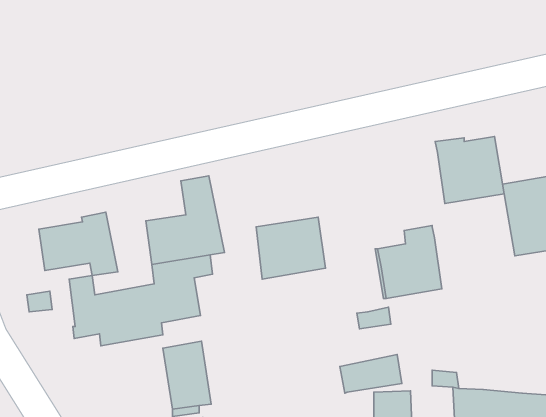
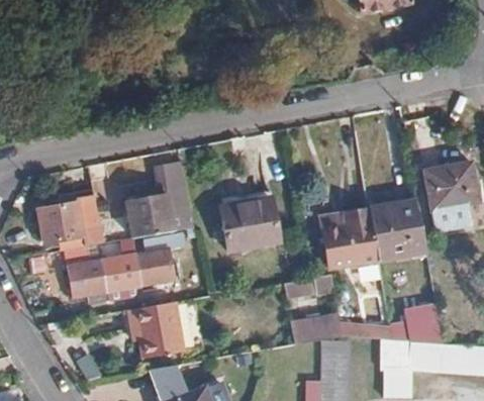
building: [435,137,504,203] -> [366,202,423,258]
building: none -> [404,305,441,344]

